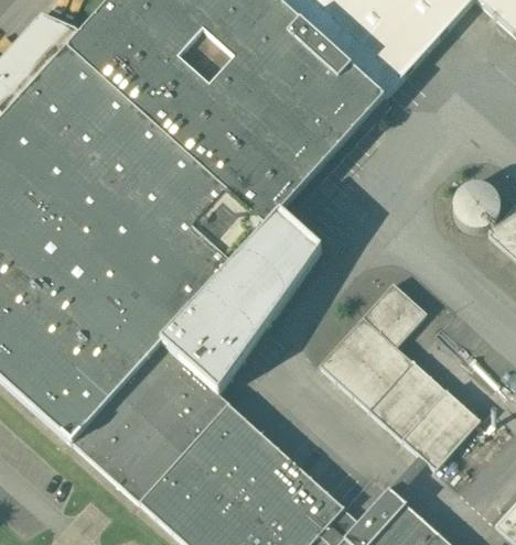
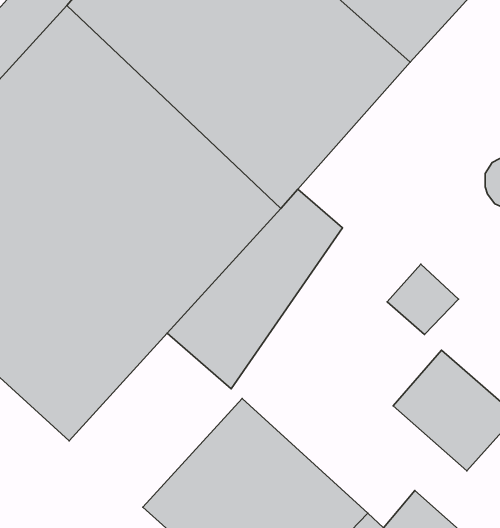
building: [316,316,411,411] -> none
building: [72,345,229,503] -> none

